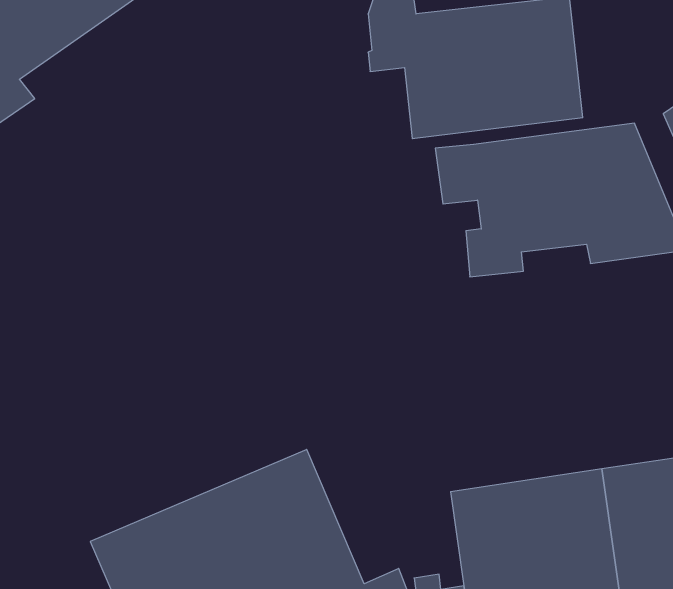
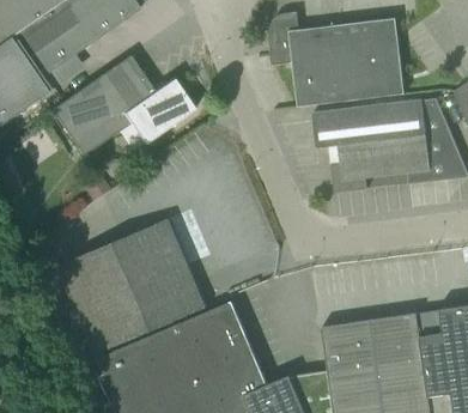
building: none -> [51,55,195,156]
building: none -> [59,218,207,353]

